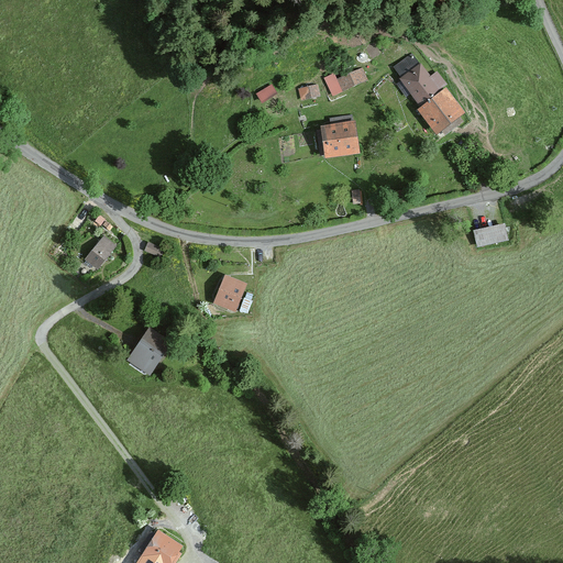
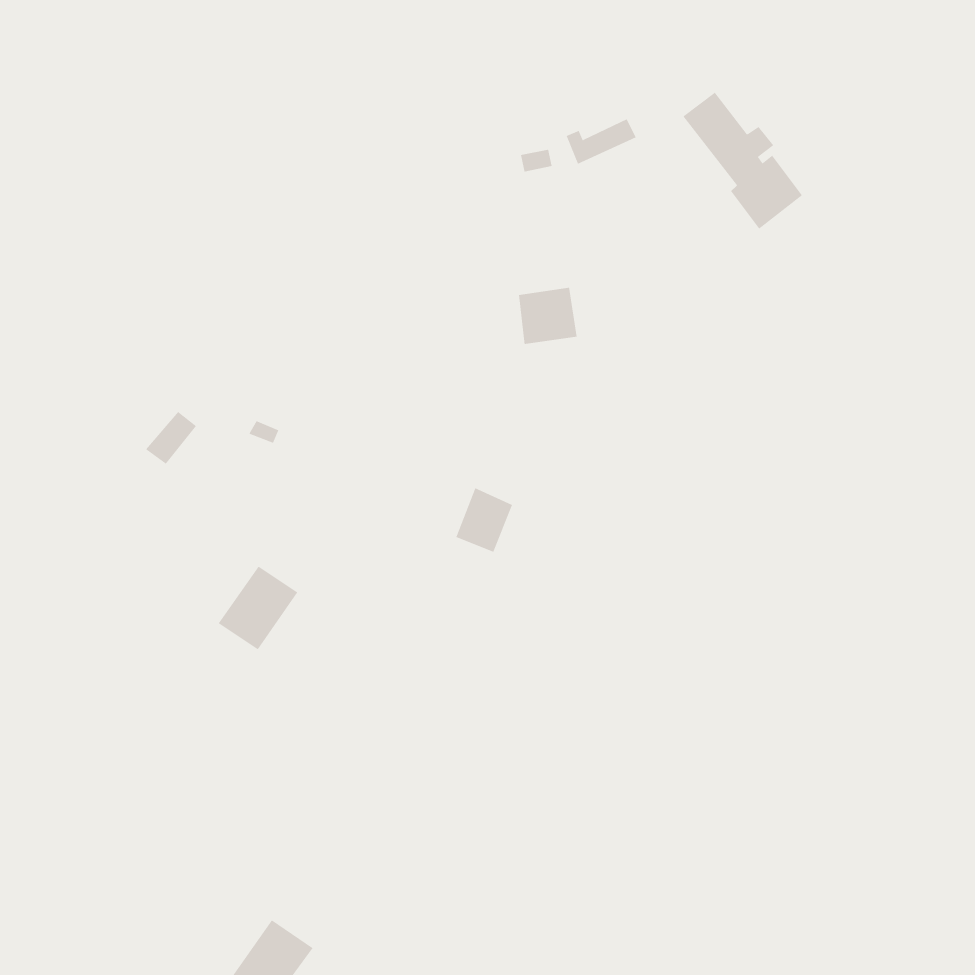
building: [322,123,356,156] -> [518,287,577,345]
building: [472,222,508,247] -> none
building: [213,274,246,311] -> [456,488,513,553]

